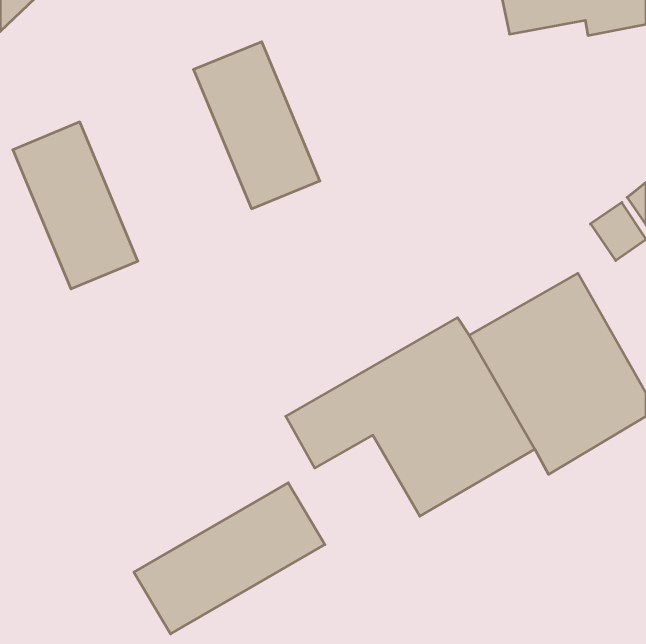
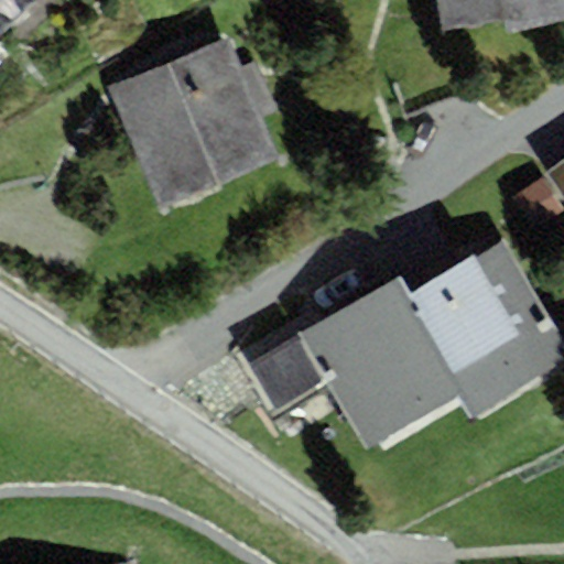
building: [13,122,138,289] -> [110,61,219,206]
building: [134,483,325,634] -> none

